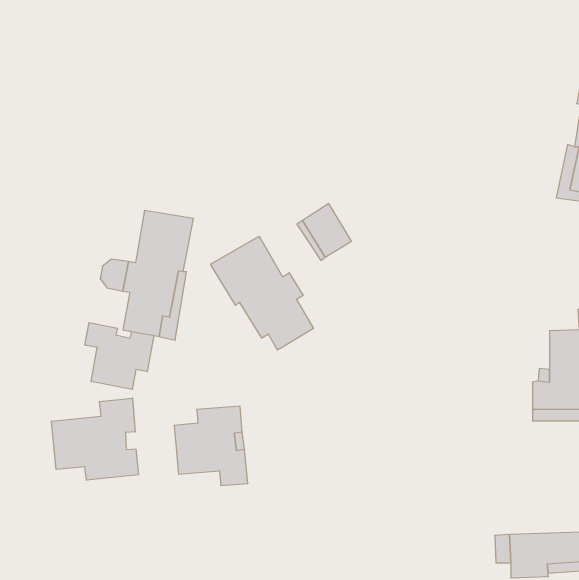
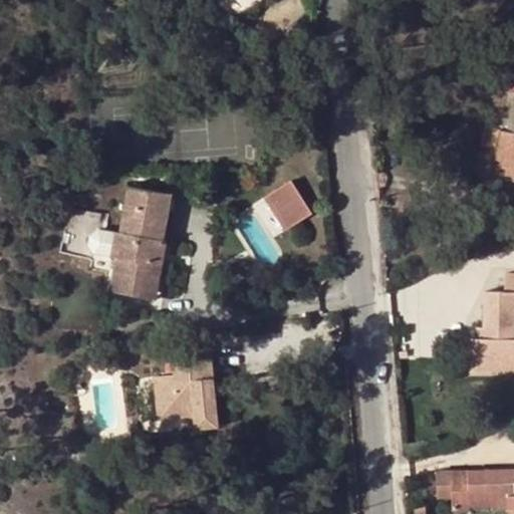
building: [211,236,313,350] -> none
building: [85,323,154,389] -> none
building: [52,398,139,480] -> none

